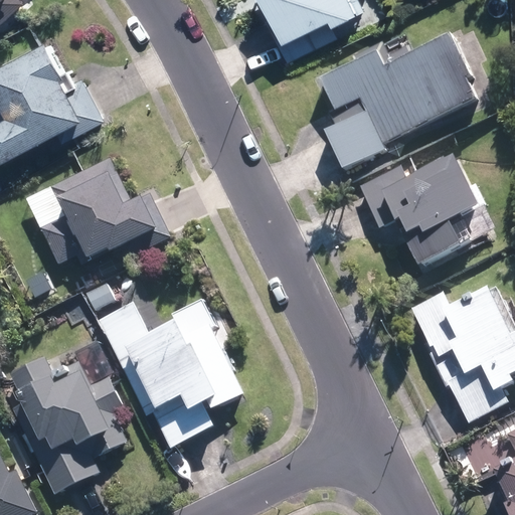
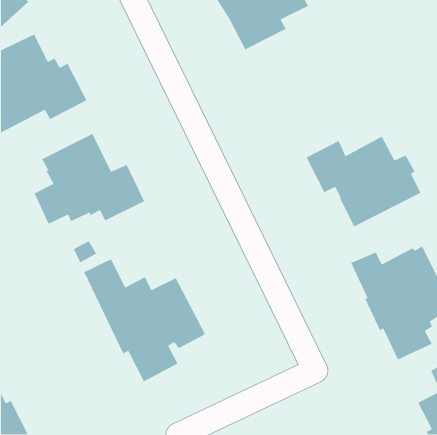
building: [318,35,472,169] -> none
building: [10,354,127,493] -> none

